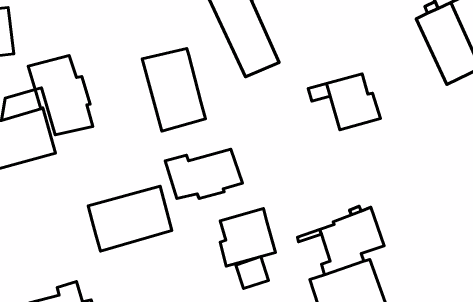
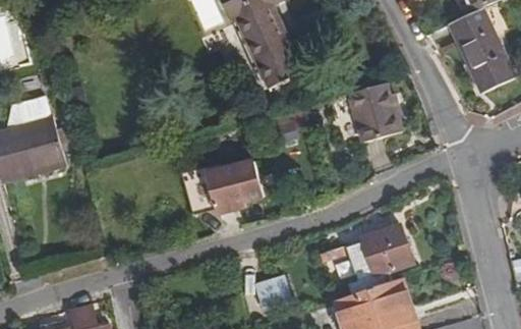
building: [142,48,206,131] -> none
building: [28,55,93,135] -> none
building: [88,186,172,251] -> none
building: [220,208,275,266] -> none

